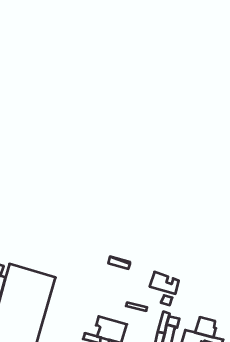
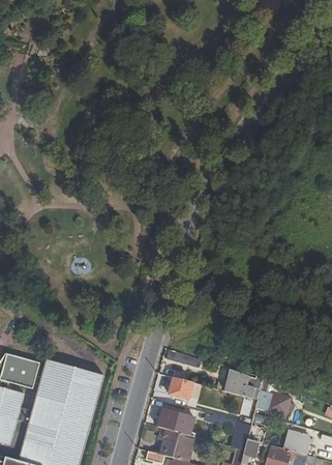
building: none -> [168,377,192,400]
building: none -> [253,382,294,416]
building: none -> [157,408,193,435]

